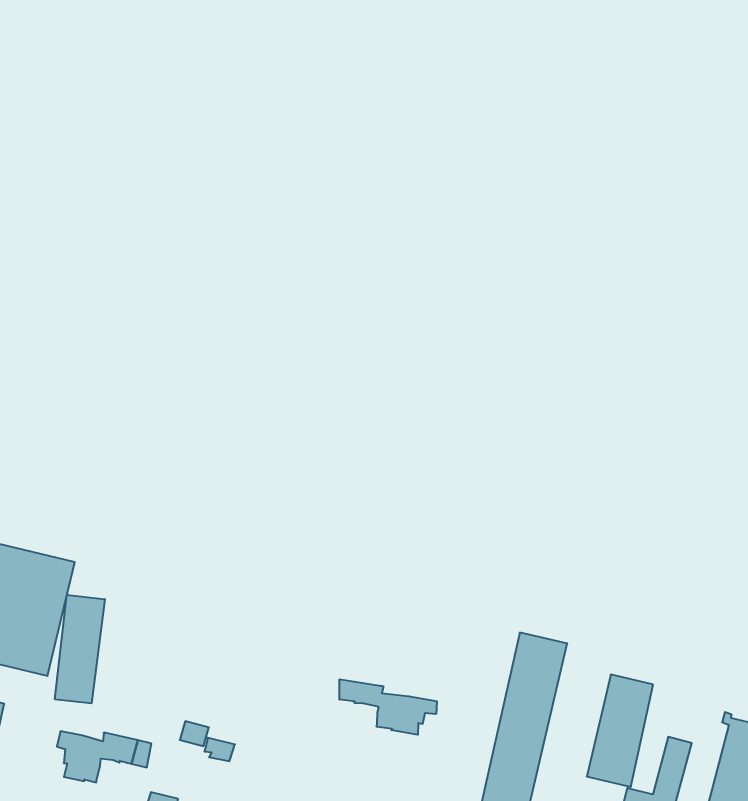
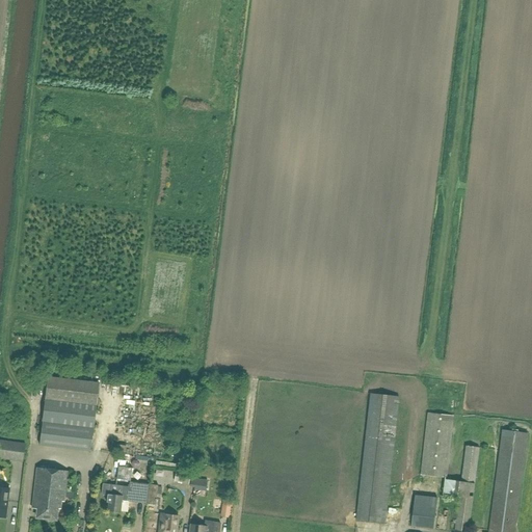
building: [55,595,105,703] -> none
building: [339,679,437,735] -> none

